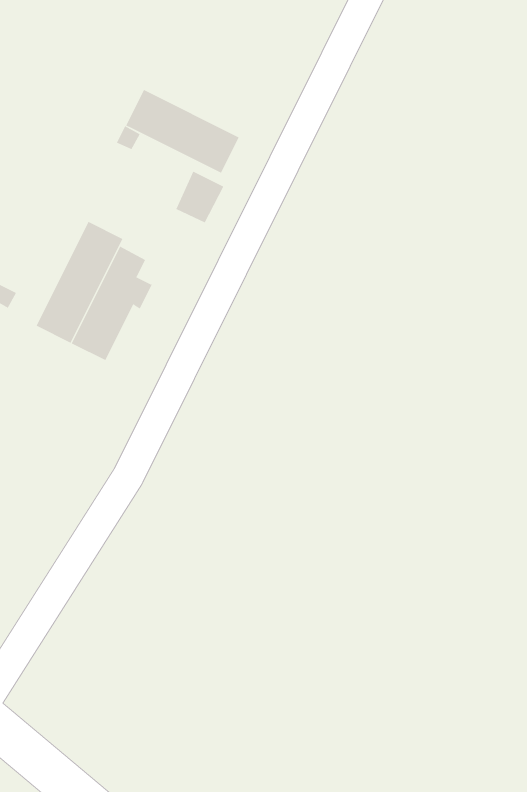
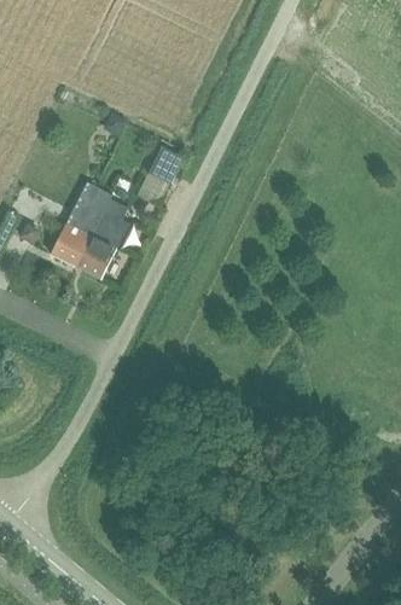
building: [126,89,239,174] -> none

